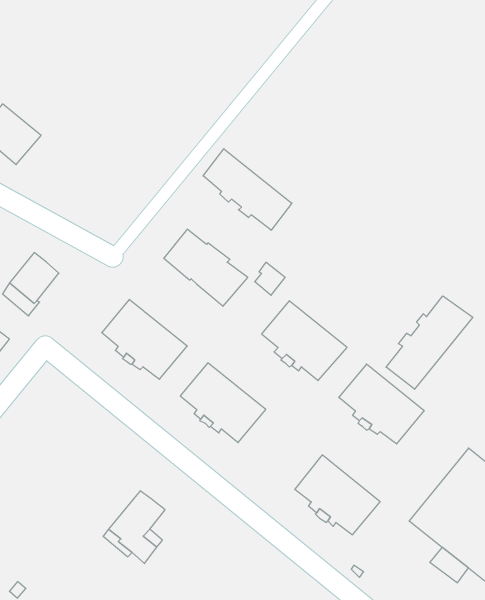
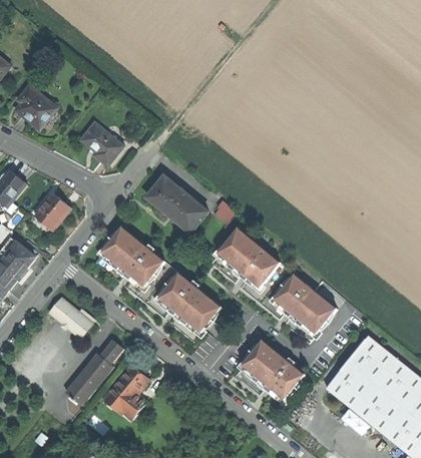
building: [203,149,292,230] -> none
building: none -> [80,123,122,165]
building: [386,296,473,389] -> none
building: none -> [49,299,93,338]
building: none -> [65,341,121,405]

